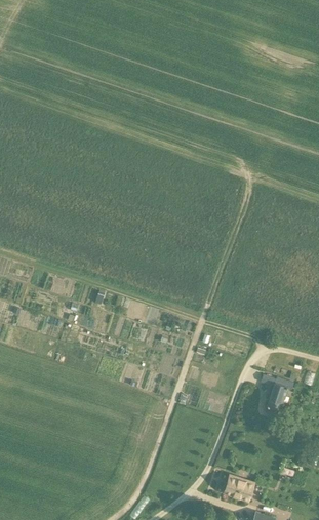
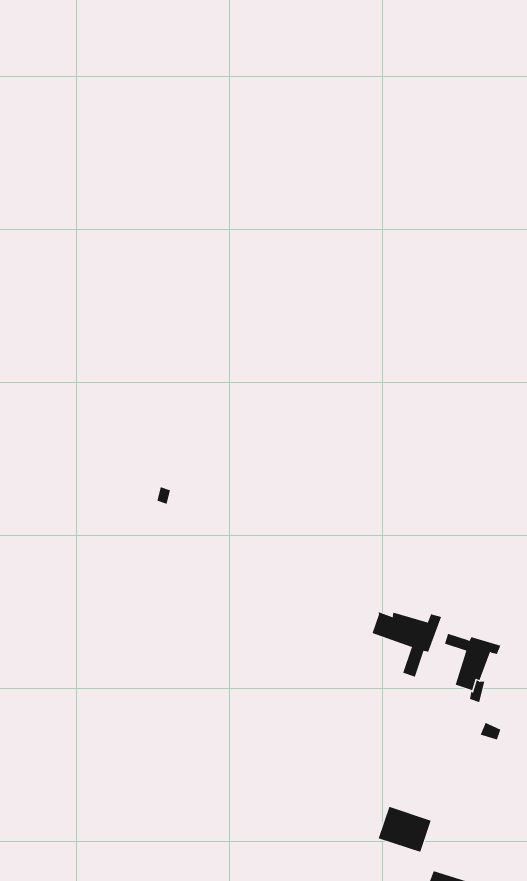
building: none -> [372,611,442,677]

